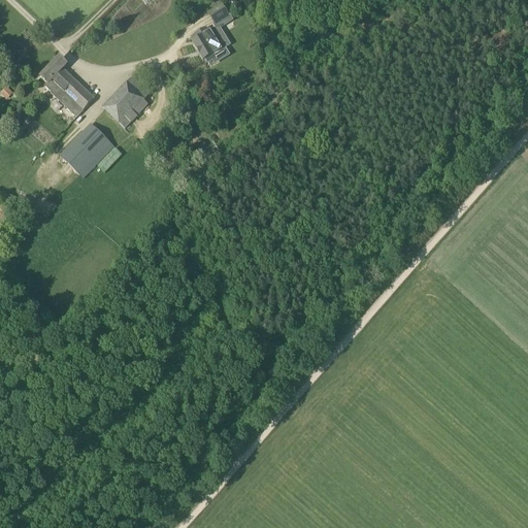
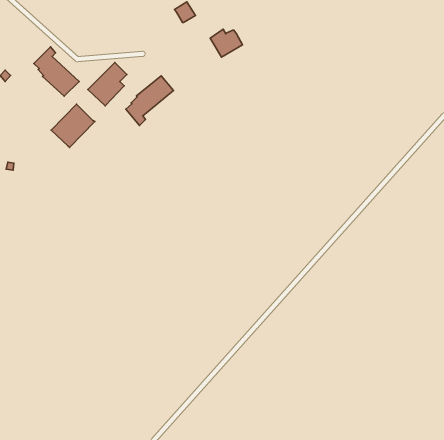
building: [190,26,228,59] -> [210,29,242,57]
building: none -> [126,76,173,125]

